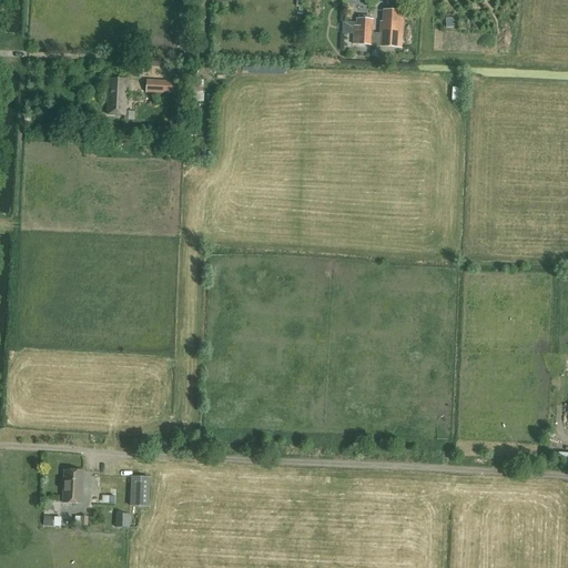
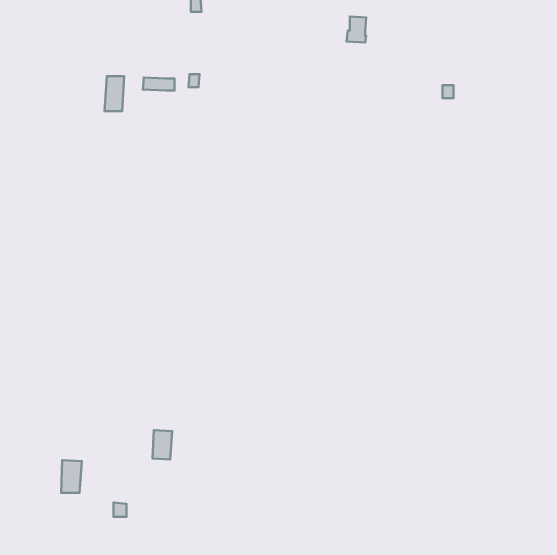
building: [372,8,403,45] -> none
building: [130,475,150,505] -> [153,430,172,460]

